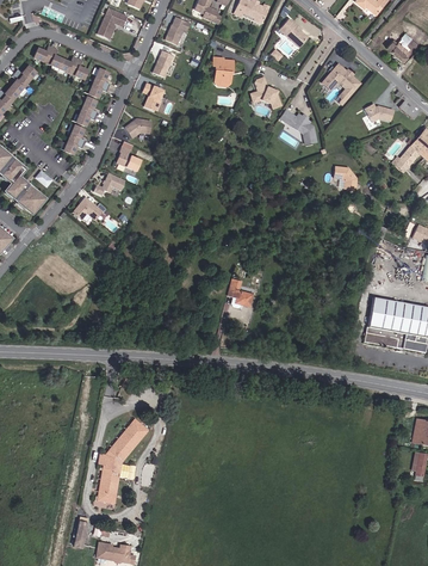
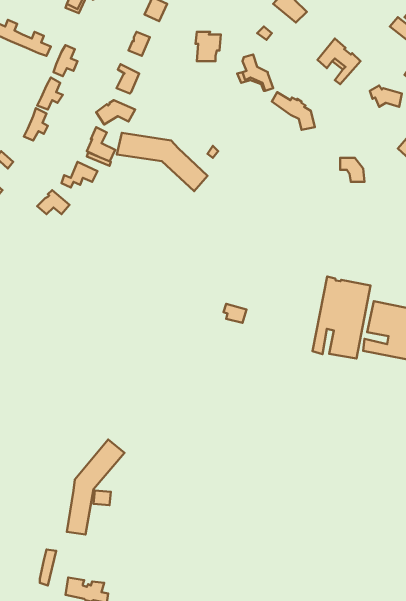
building: none -> [117,133,207,191]
building: none -> [312,276,371,359]

